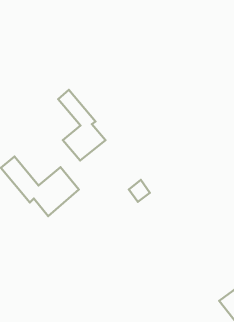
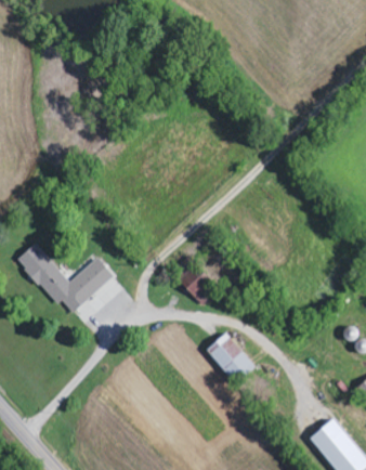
building: [58,90,105,160] -> none
building: none -> [206,331,254,380]

